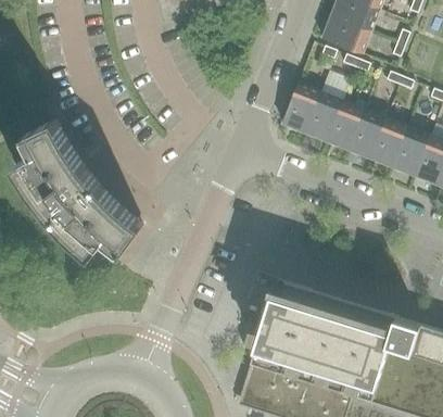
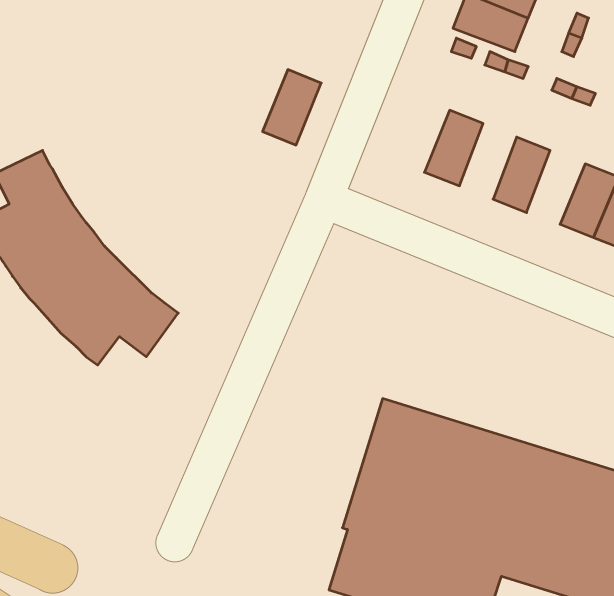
building: [281,84,319,132] -> [263,70,321,145]
building: [326,101,363,150] -> none
building: [369,118,407,166] -> none

